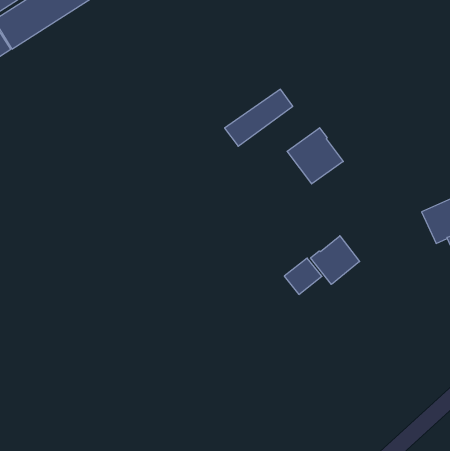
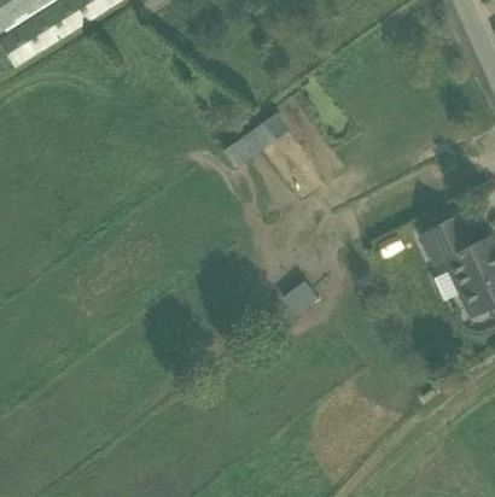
building: [287,128,343,184] -> none
building: [311,236,360,284] -> none

